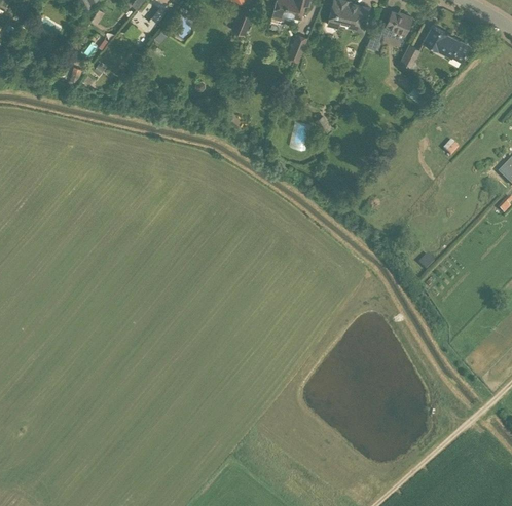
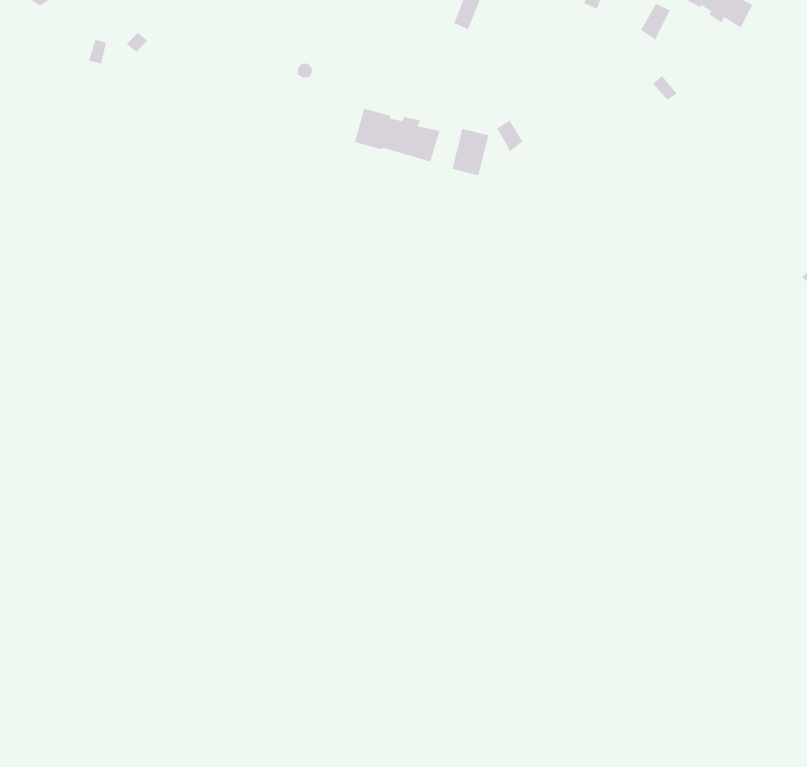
building: none -> [354,108,440,162]

